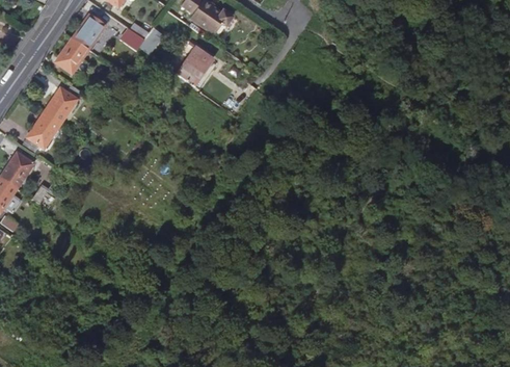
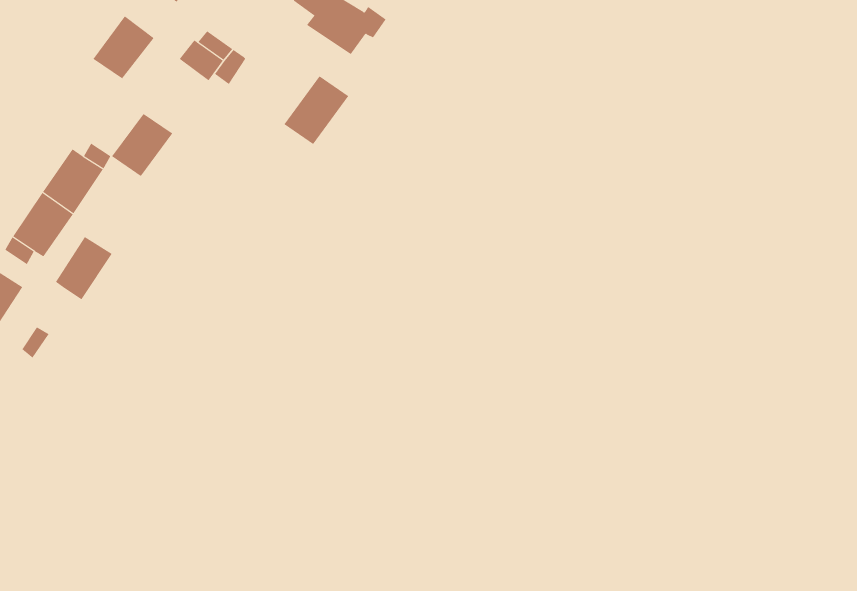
building: [54,37,88,73] -> [111,113,173,177]
building: none -> [55,236,113,300]

